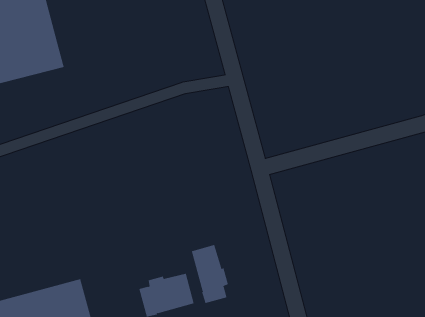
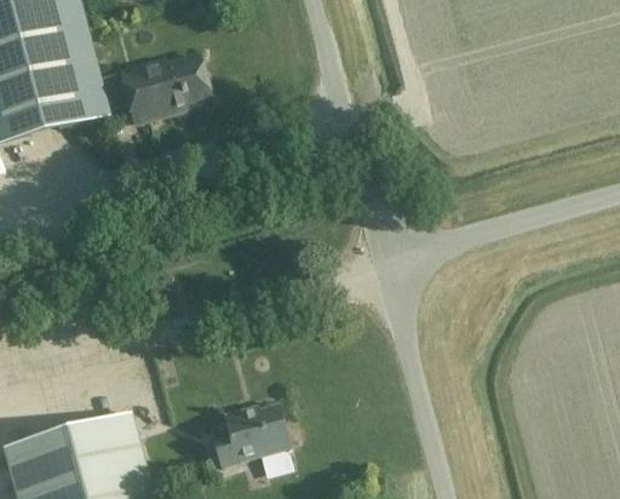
building: none -> [96,56,209,120]
building: [191,244,228,304] -> none

